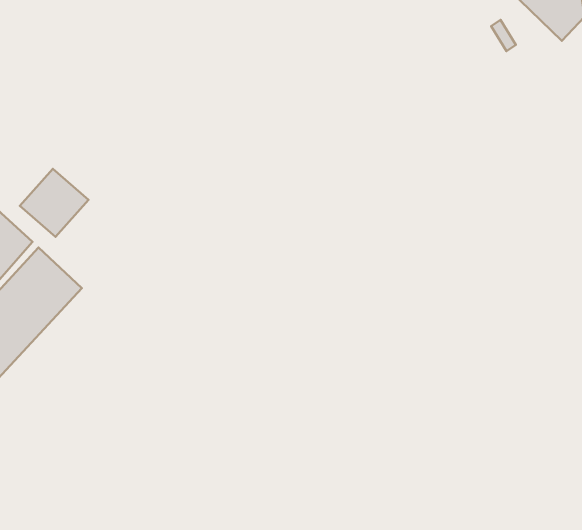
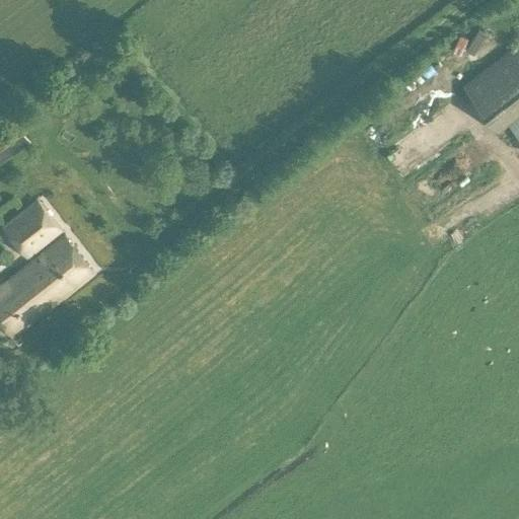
building: [20,169,88,237] -> none

